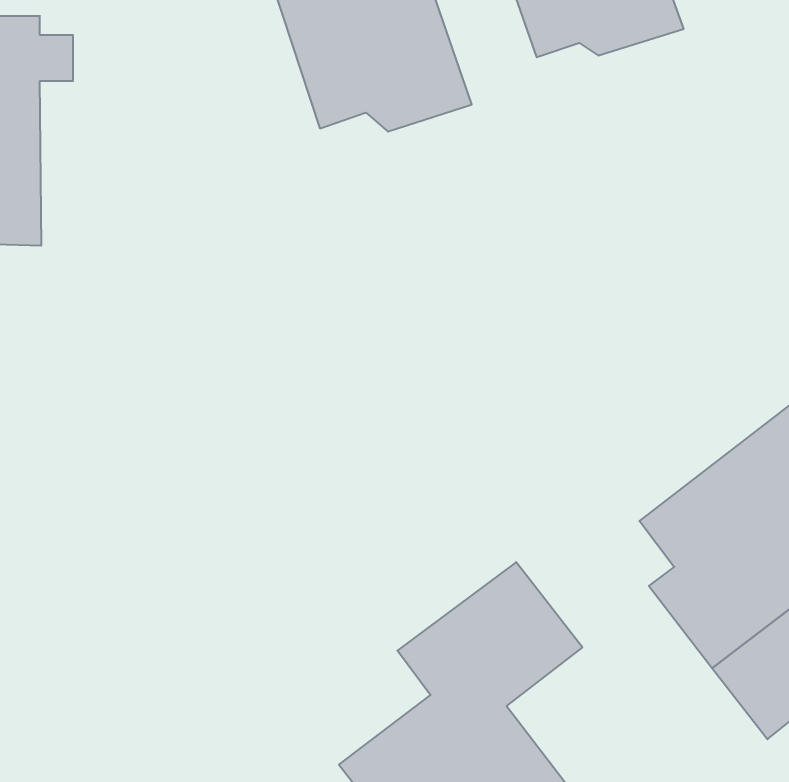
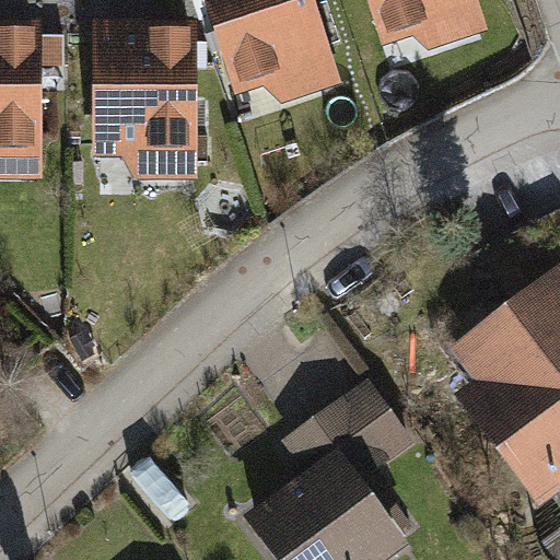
building: none -> [90,14,194,175]

